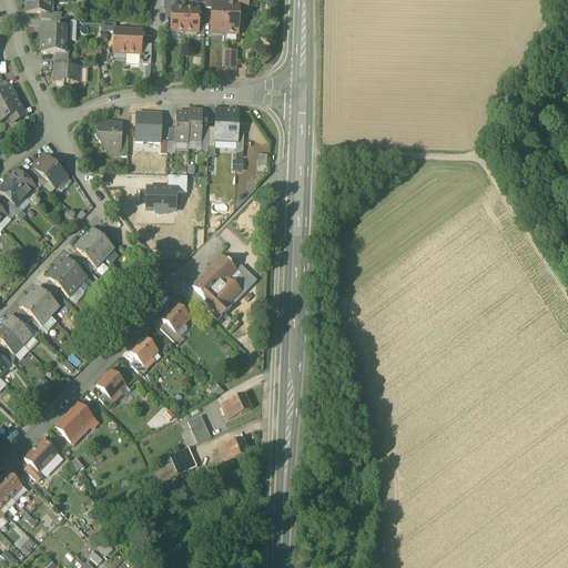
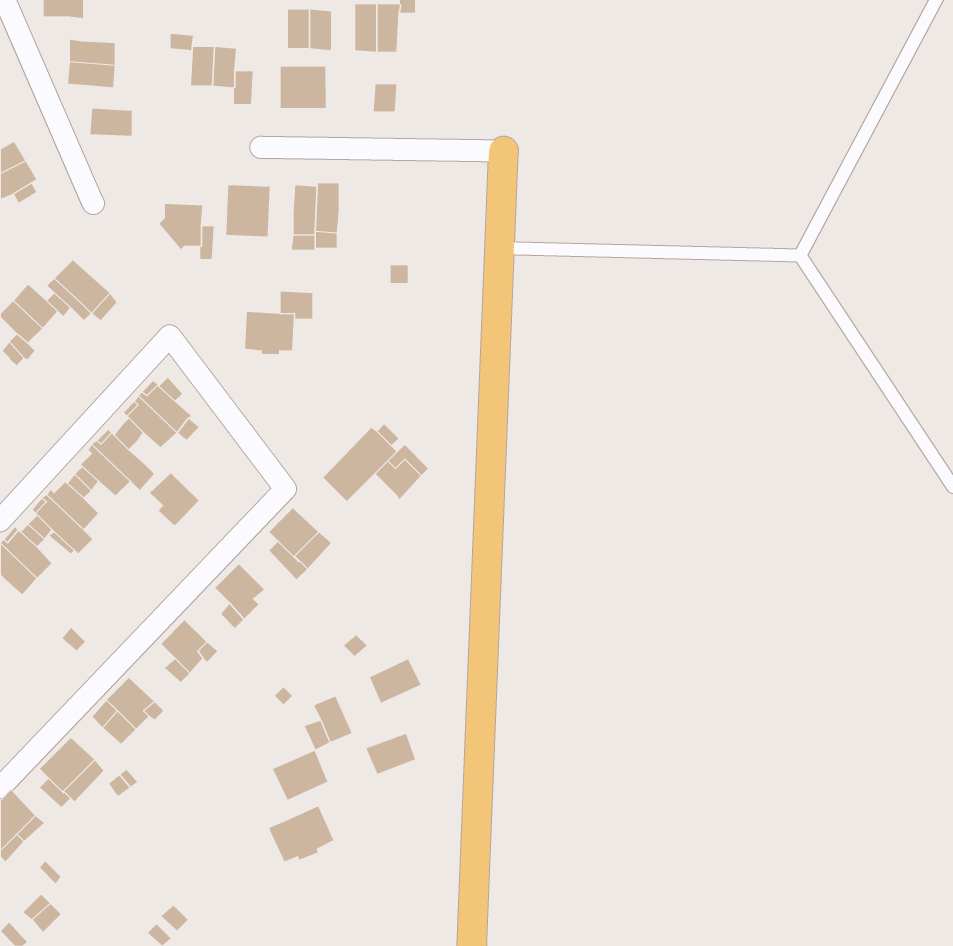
building: none -> [280,66,326,109]
building: [214,109,237,140] -> none
building: none -> [149,473,200,526]
building: [202,282,235,317] -> none
building: none -> [268,806,334,862]

